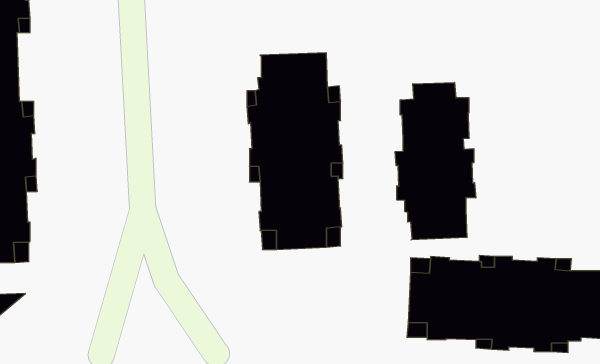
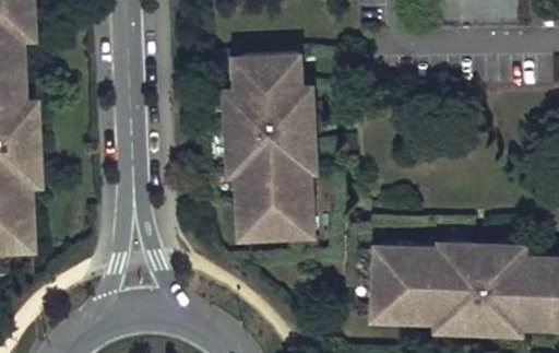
building: [395,82,476,240] -> none

